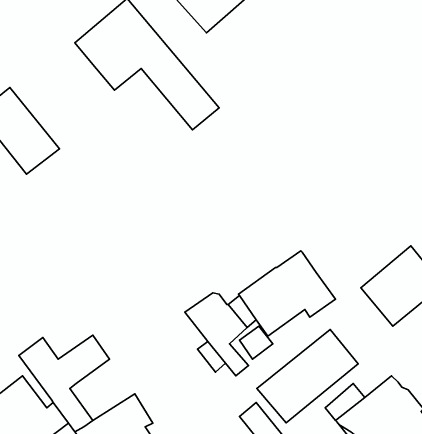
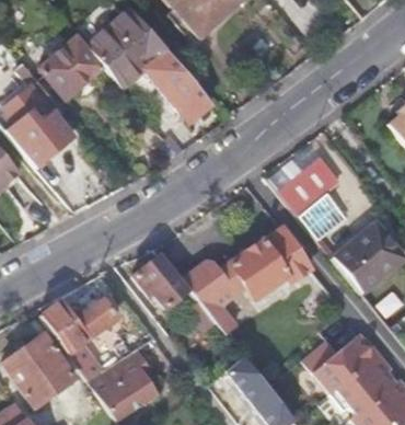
building: none -> [39,36,103,99]
building: none -> [278,158,346,240]
building: none -> [134,256,187,308]
building: [257,329,358,423] -> none

